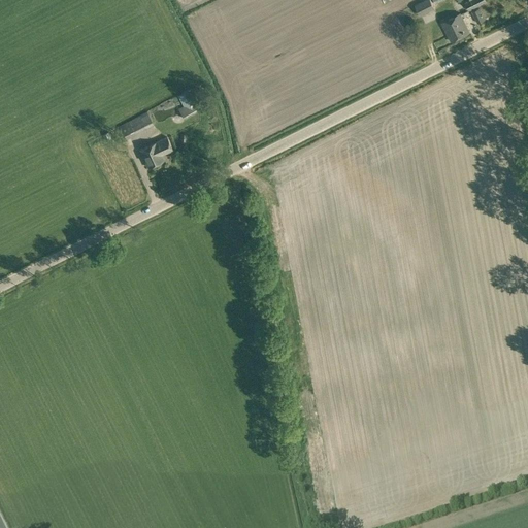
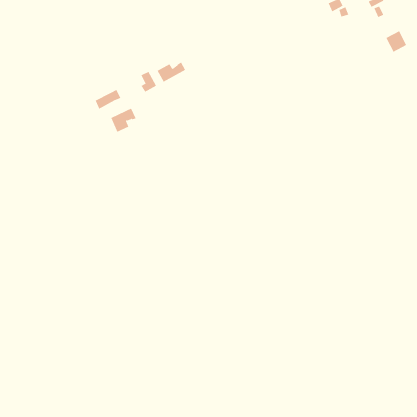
building: [441,12,468,40] -> [386,30,407,52]
building: none -> [157,61,186,82]

